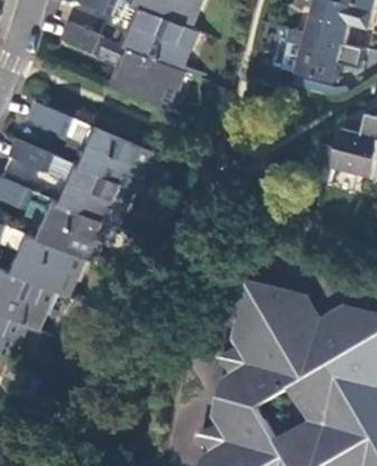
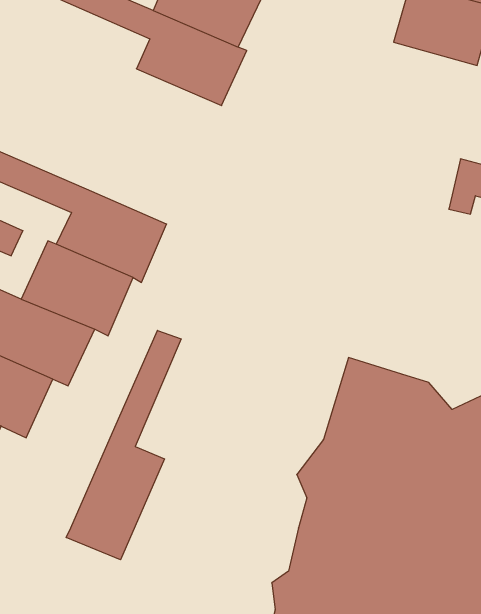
building: [27,100,150,189] -> none
building: none -> [66,330,181,560]

